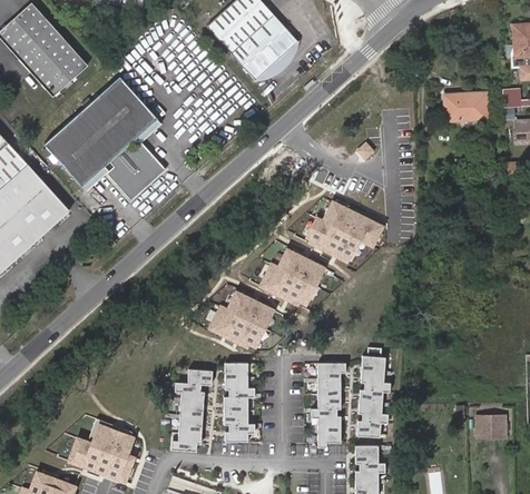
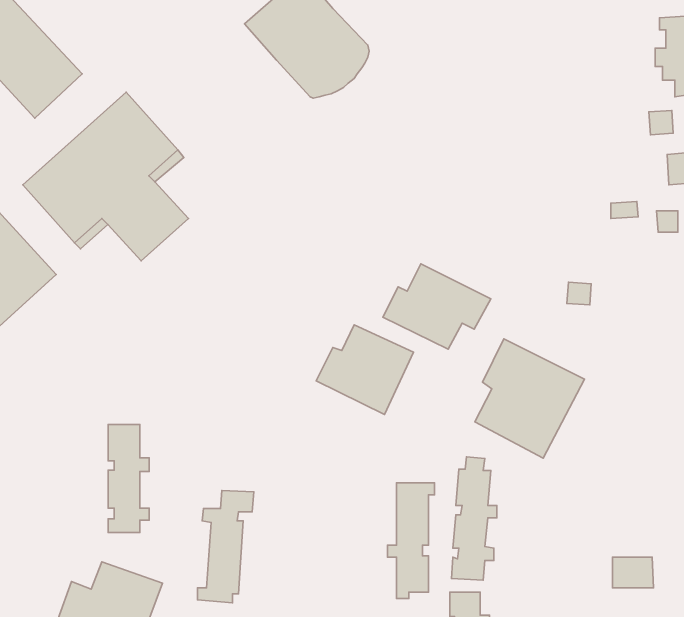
building: [444,93,487,122] -> none
building: none -> [475,339,584,458]
building: [208,289,279,355] -> none
building: [225,363,255,442] -> [108,424,149,532]

